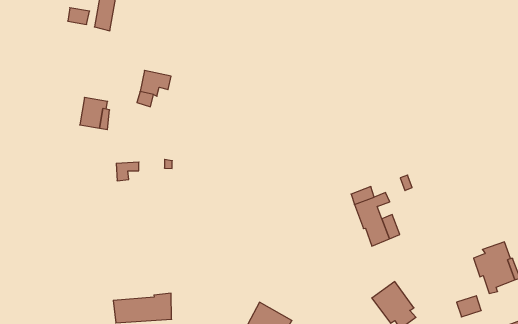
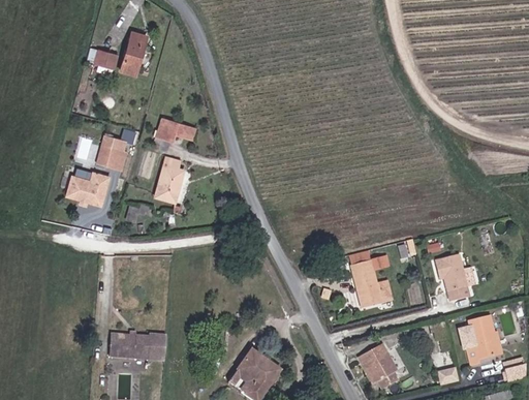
building: none -> [156,157,184,202]
building: none -> [65,172,108,205]
building: none -> [435,254,478,301]

